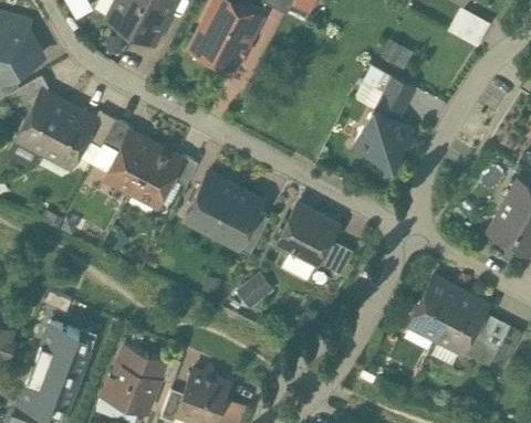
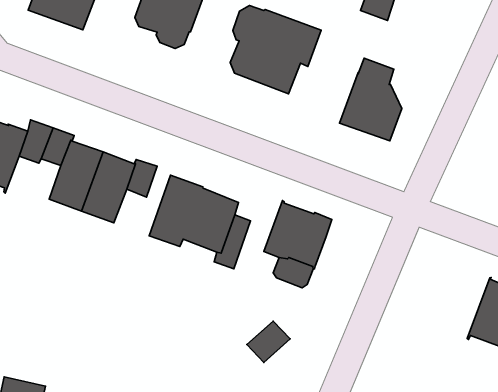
building: none -> [230,6,321,94]
building: [381,78,415,110] -> none
building: [317,241,353,276] -> none
building: [238,273,274,306] -> [247,321,290,363]
building: [408,278,460,340] -> none

